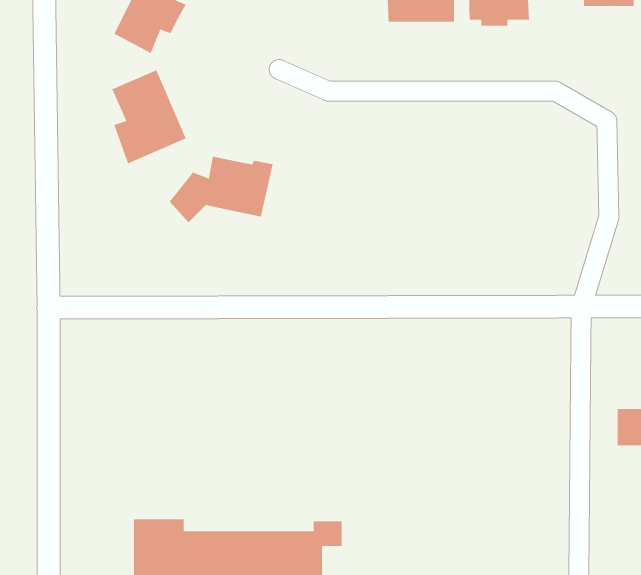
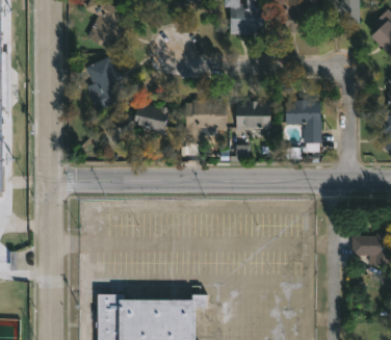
building: none -> [185,100,227,146]
building: none -> [235,101,268,129]
building: none -> [285,101,318,145]

